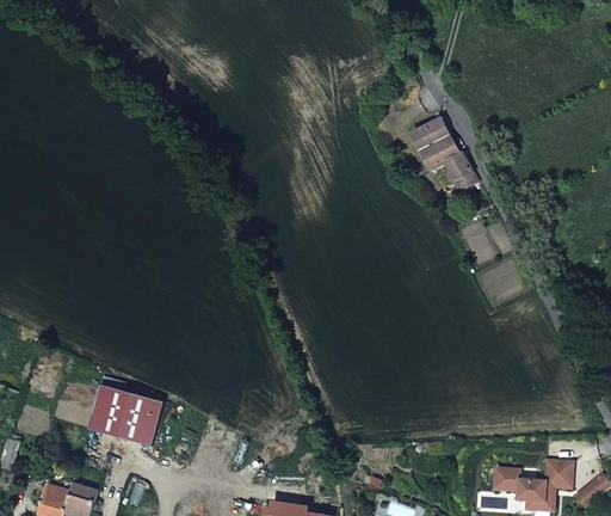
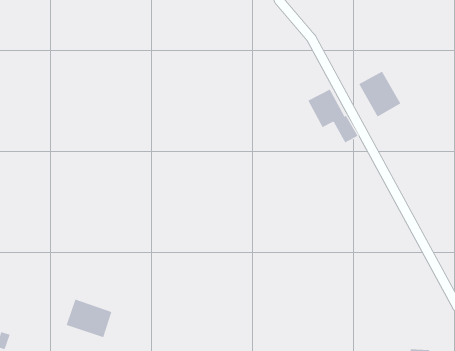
building: none -> [358,71,401,117]

